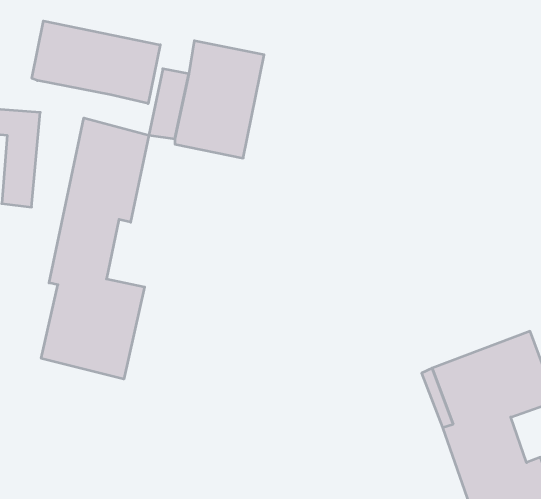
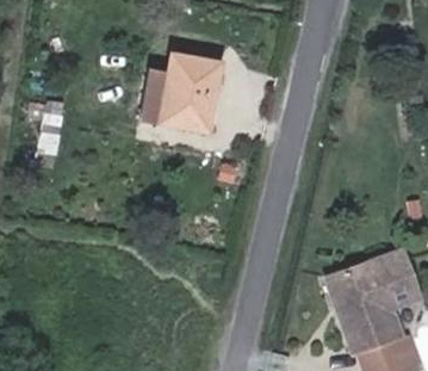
building: [32,21,160,104] -> none
building: [41,118,149,379] -> none

